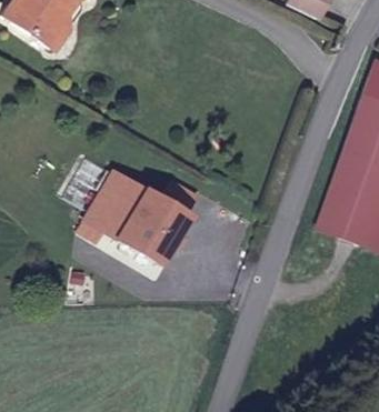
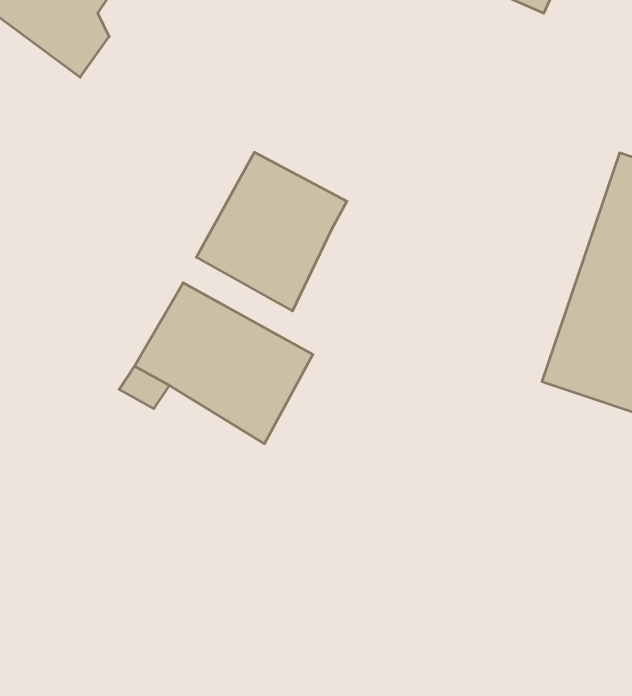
building: none -> [196,152,347,311]

